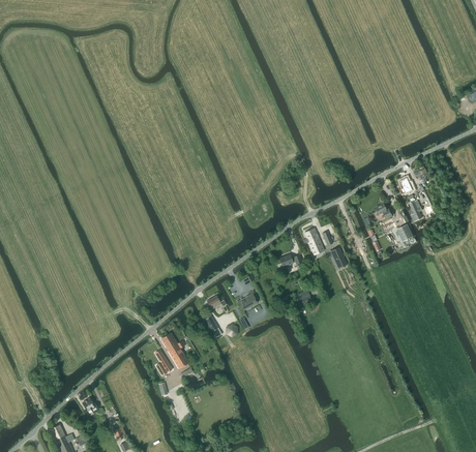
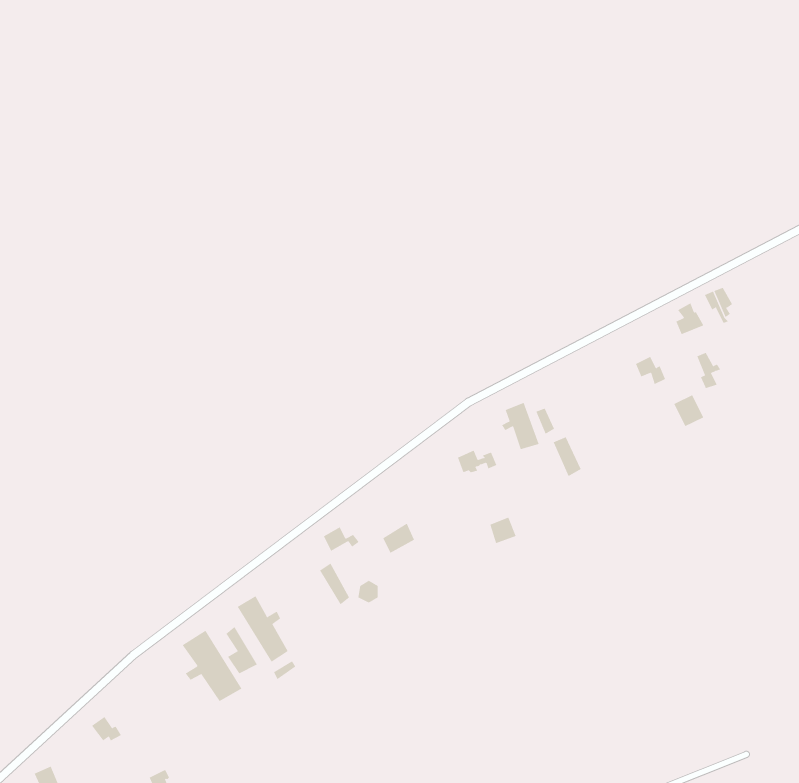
building: none -> [182,630,242,702]

